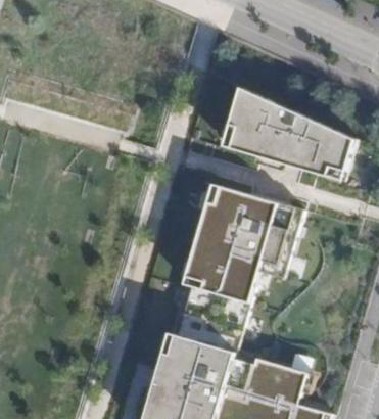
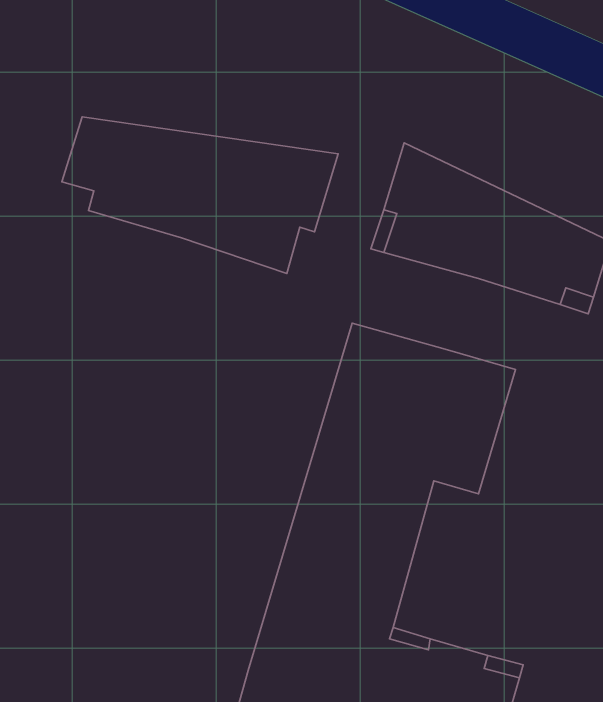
building: none -> [62,117,338,274]

